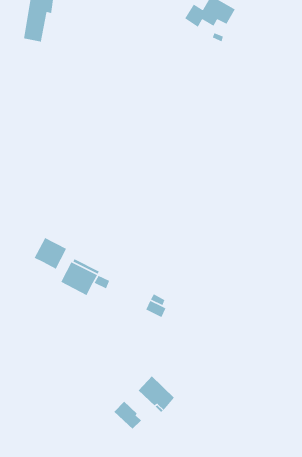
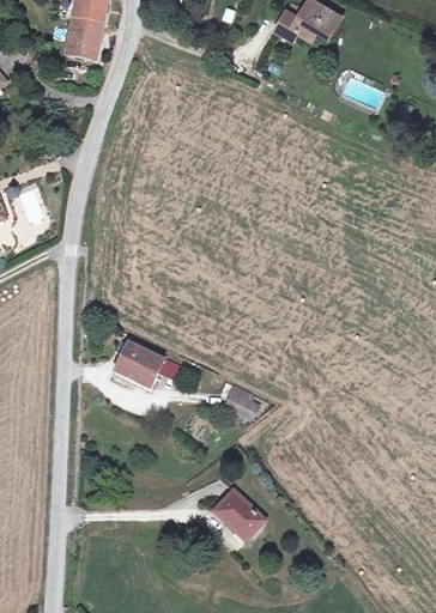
building: [33,237,67,270] -> none
building: [114,401,142,430] -> none

